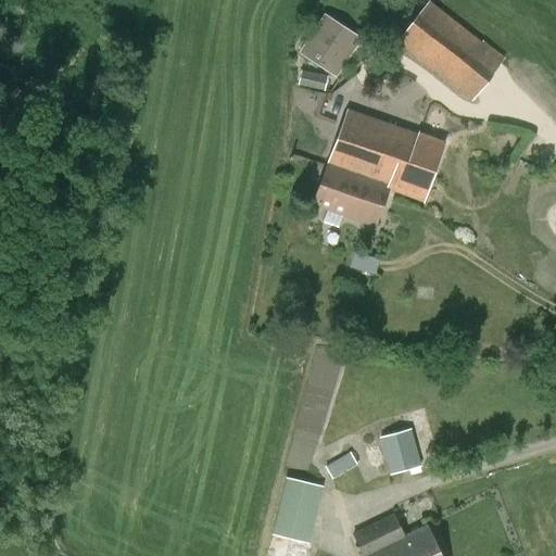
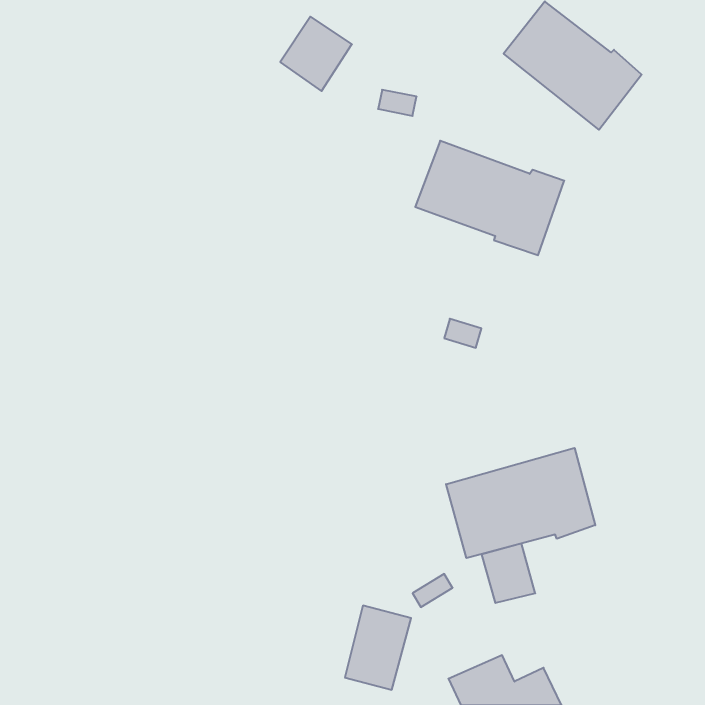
building: [302,16,358,75] -> [280,17,352,91]
building: [313,163,390,227] -> none
building: none -> [446,448,595,558]

